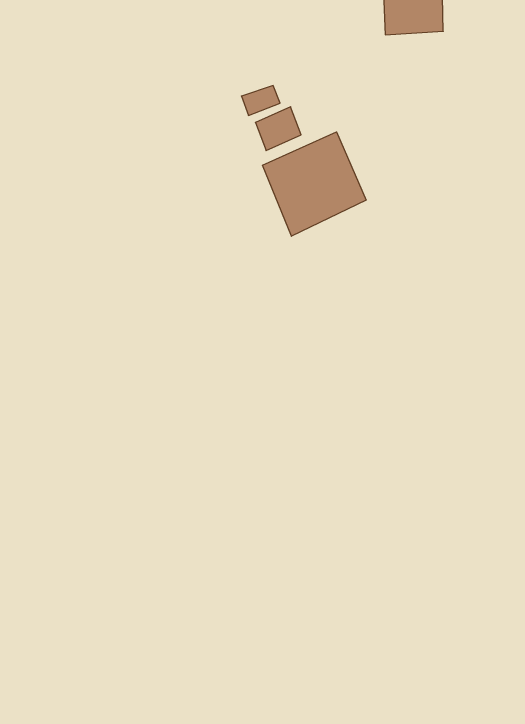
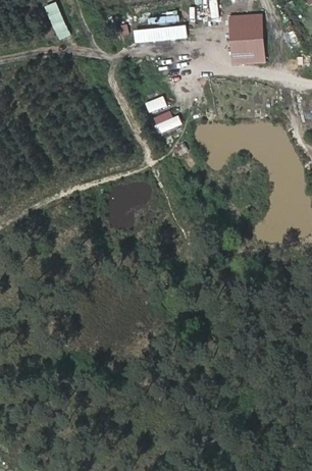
building: [262,132,366,236] -> none

